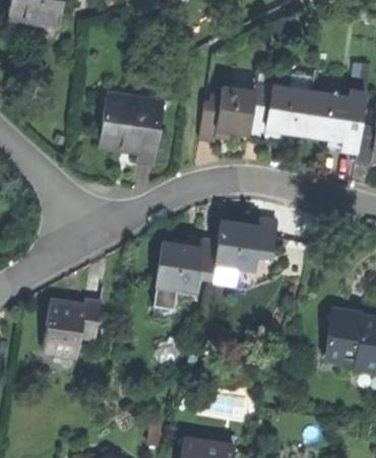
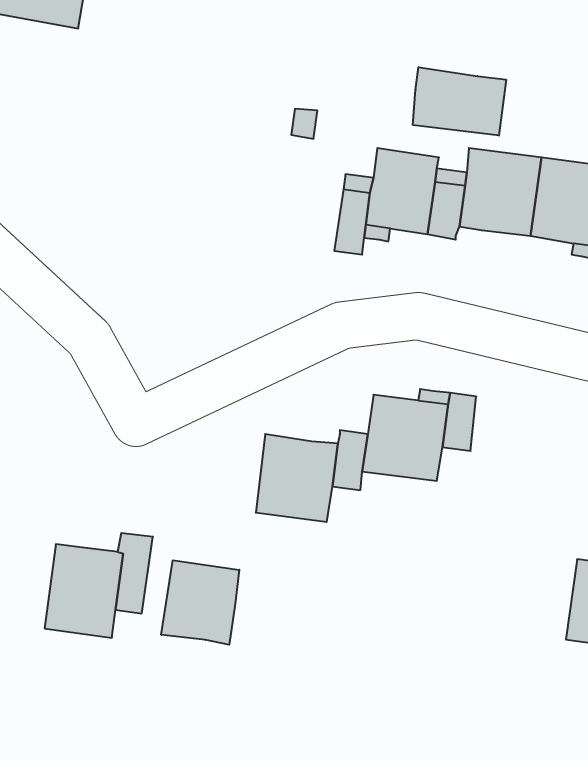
building: none -> [413,67,506,136]
building: [100,95,165,166] -> none
building: none -> [161,560,239,645]

